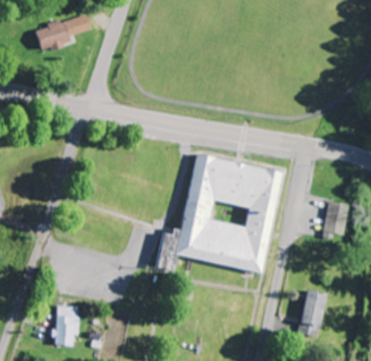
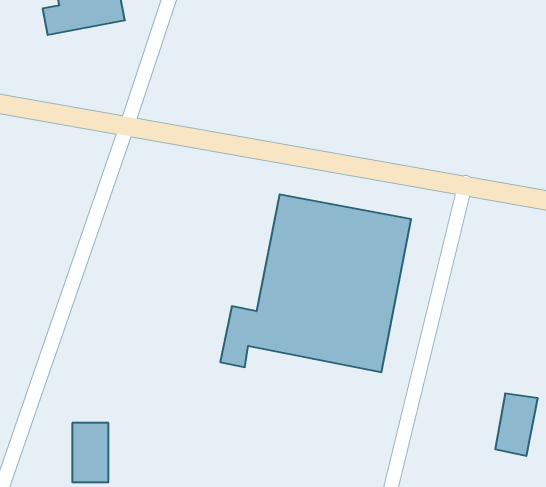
building: [323,202,348,237] -> none
building: [297,289,325,330] -> [495,393,538,456]

